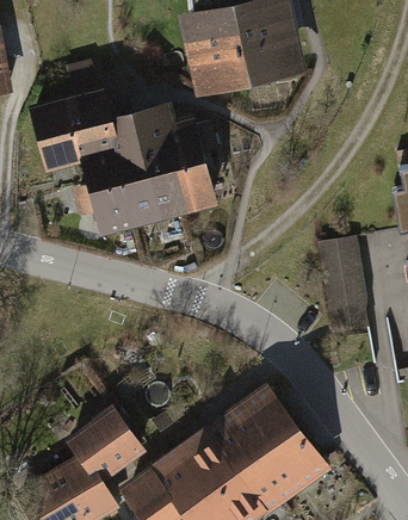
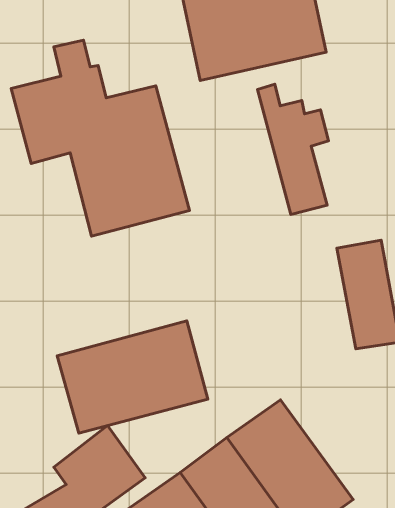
building: [154,98,217,213] -> [257,84,329,215]
building: none -> [57,321,208,433]

